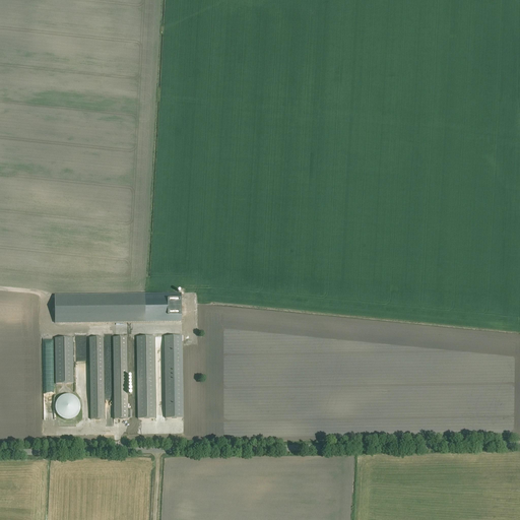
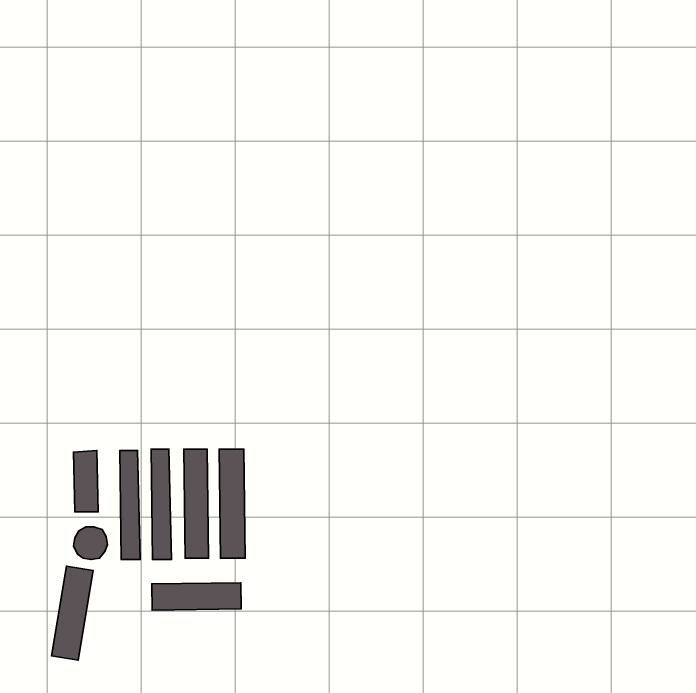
building: [53,294,182,323] -> none
building: none -> [52,566,93,660]
building: none -> [152,583,241,610]

